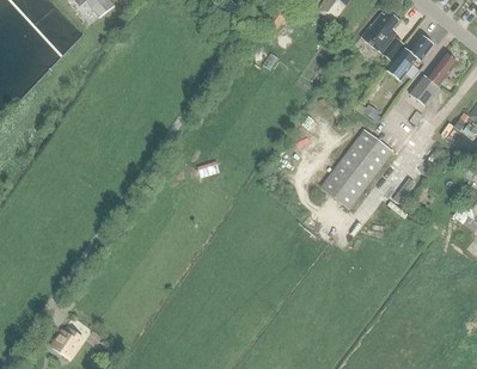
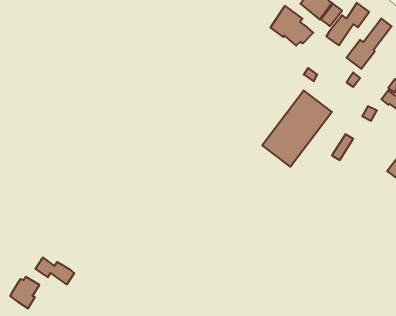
building: none -> [271,6,313,46]
building: none -> [36,257,74,284]

